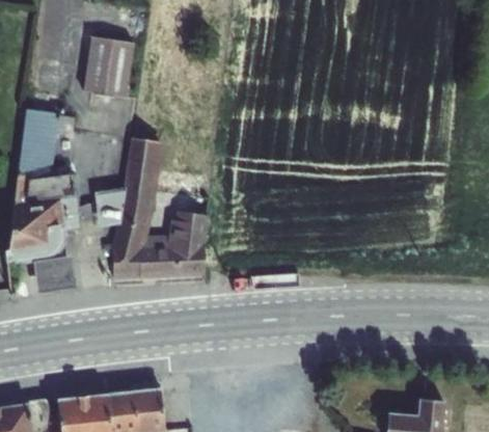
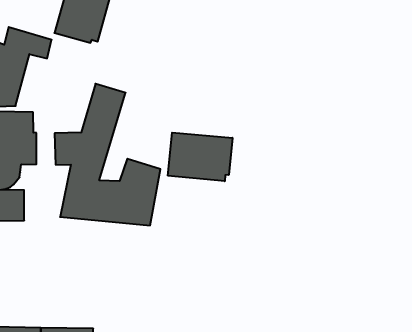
building: none -> [168,133,232,181]

